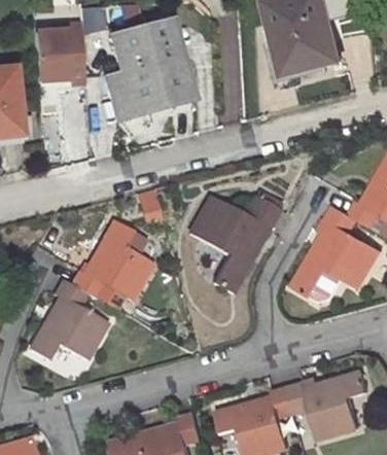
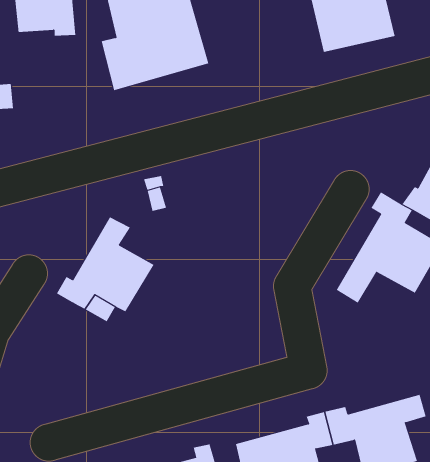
building: [197,196,285,292] -> none
building: [27,281,103,362] -> none

